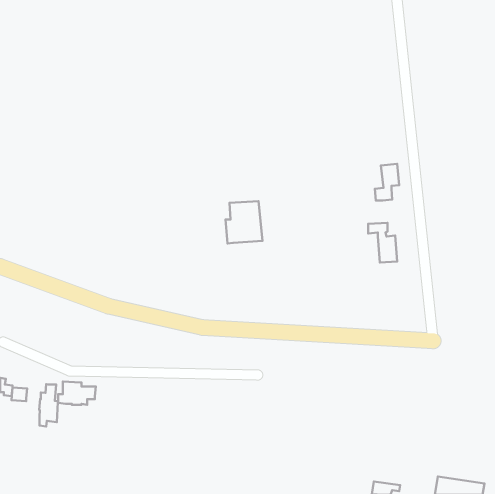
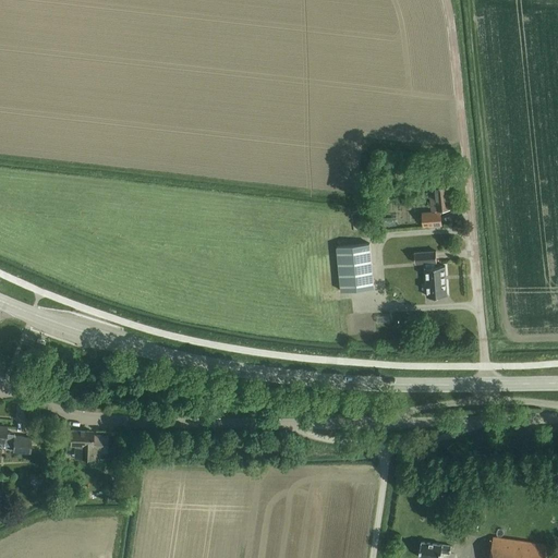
building: [226,201,262,244] -> [332,244,374,292]
building: [39,384,58,426] -> none

